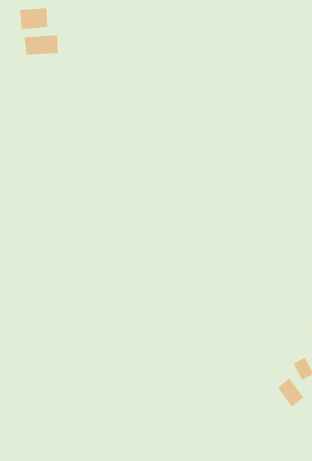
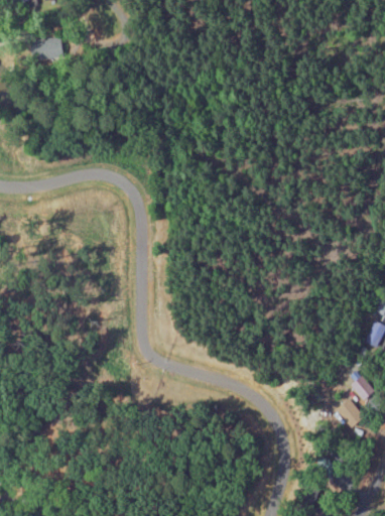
building: [24,34,58,56] -> none

